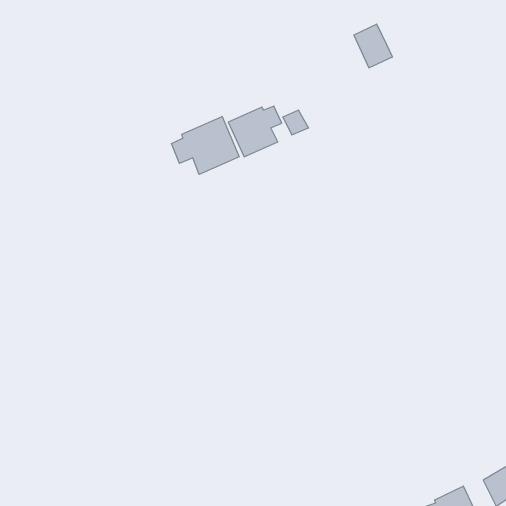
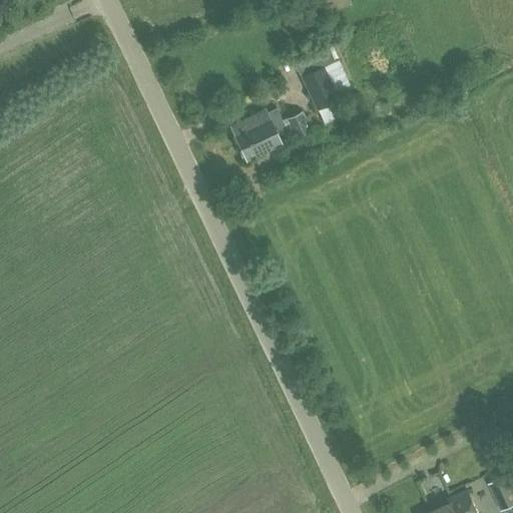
building: [354,24,393,68] -> [302,66,341,110]
building: [172,116,239,174] -> none

